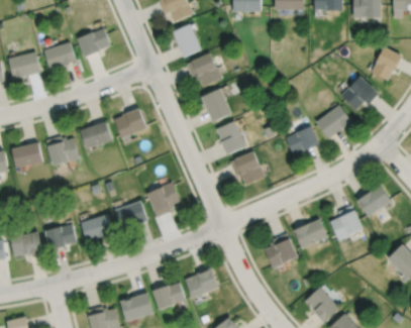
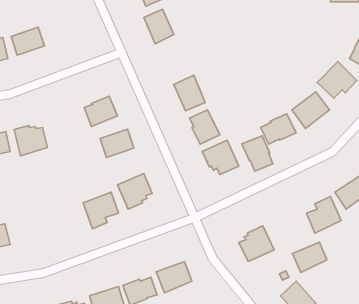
building: [77,28,110,57] -> none
building: [185,51,221,86] -> none
building: [80,121,112,148] -> [100,129,134,157]
building: none -> [242,136,273,171]
building: [81,213,113,241] -> none
building: [293,219,326,248] -> [292,242,327,272]
building: [44,224,78,251] -> none

